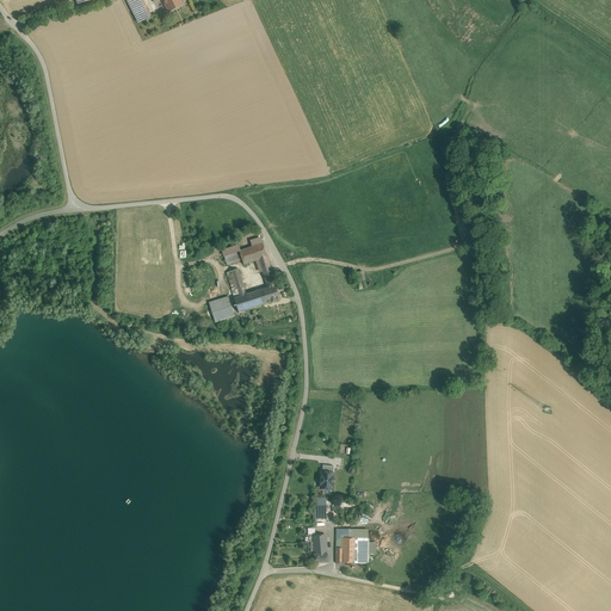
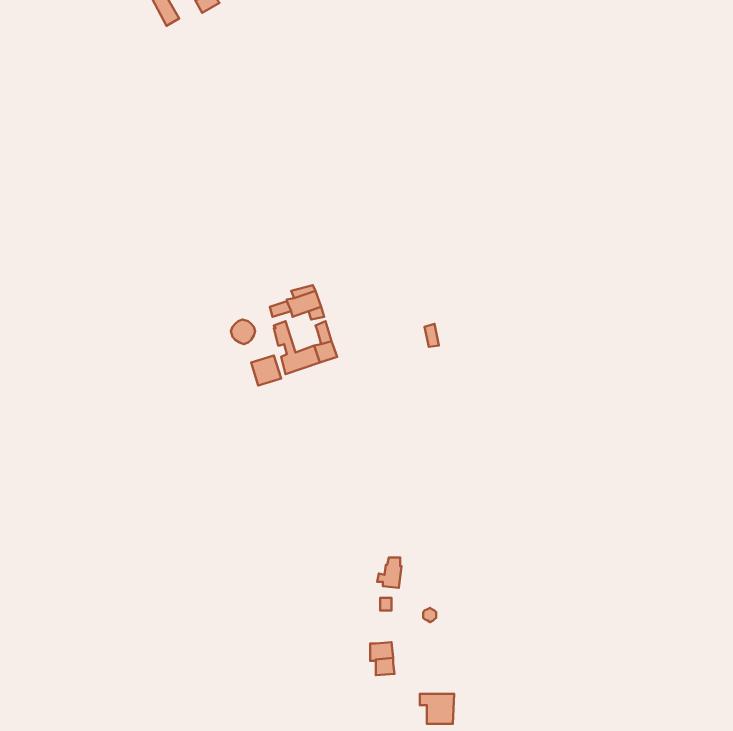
building: [337,537,365,562] -> [420,694,454,724]

